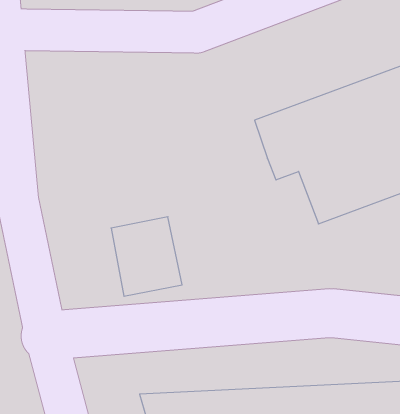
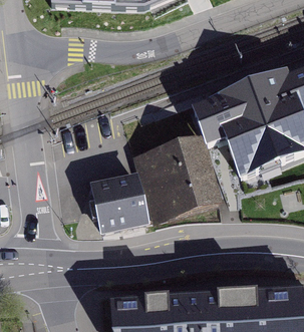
building: none -> [132,135,224,224]

